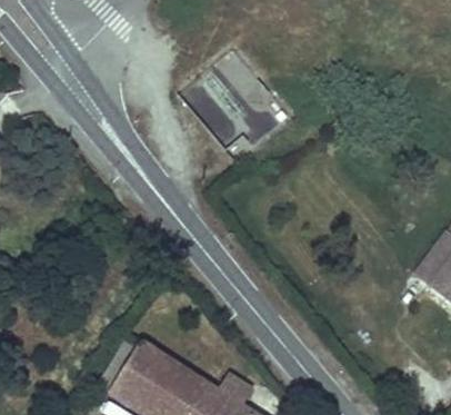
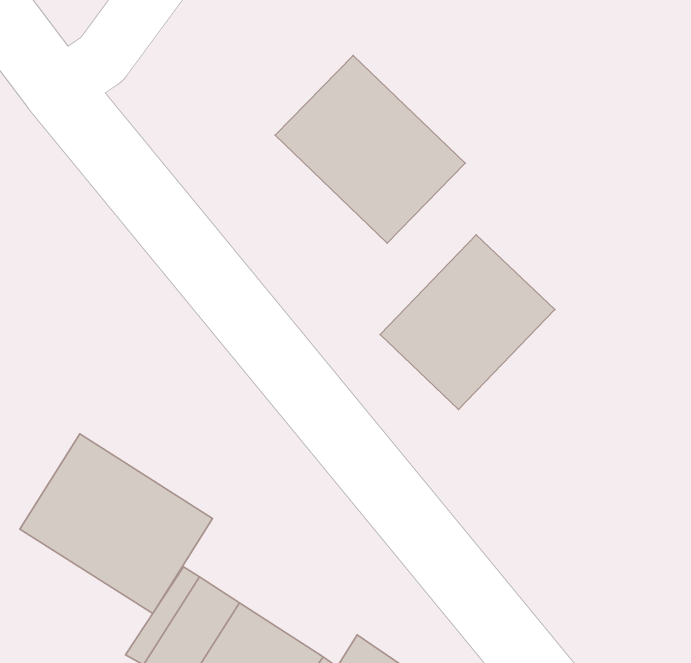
building: none -> [380,235,555,409]
building: none -> [20,434,213,614]

